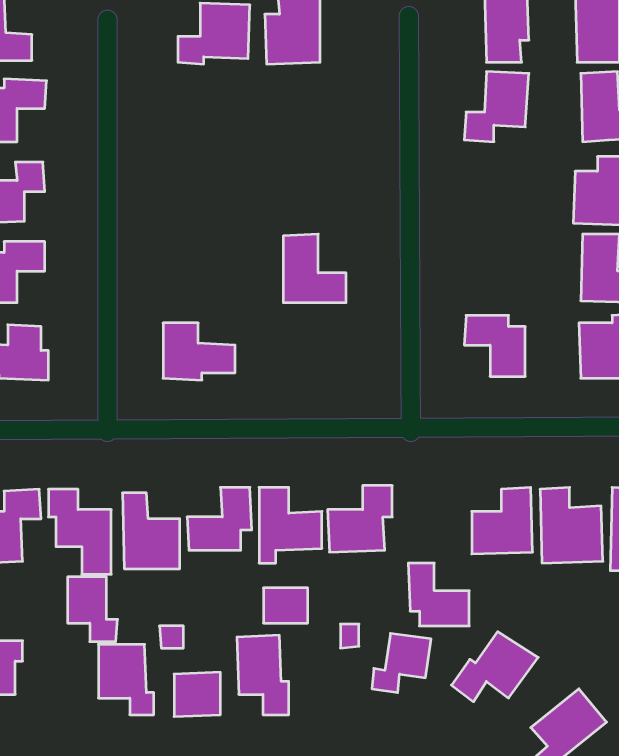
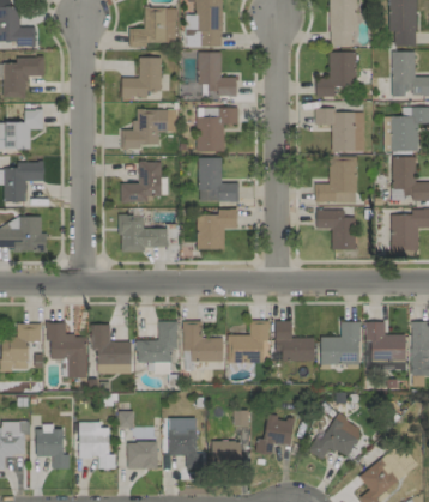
building: none -> [197,52,236,95]
building: none -> [121,56,161,97]
building: none -> [197,107,237,151]
building: none -> [314,108,364,151]
building: none -> [121,109,177,150]
building: none -> [315,157,356,202]
building: none -> [120,161,161,200]
building: none -> [197,208,237,249]
building: [408,563,469,626] -> [274,320,314,361]
building: [68,577,118,642] -> [37,427,70,468]
building: [263,588,308,623] -> [211,441,240,464]

